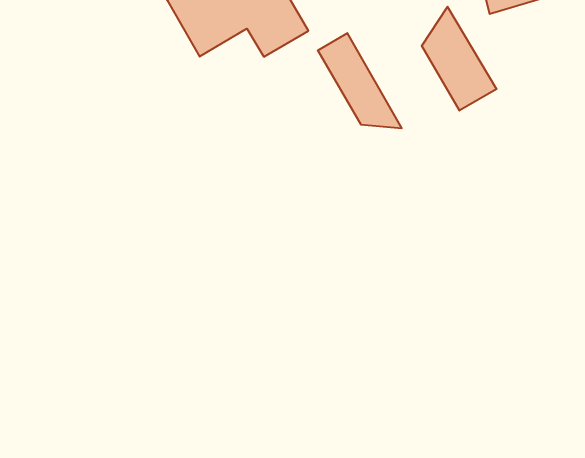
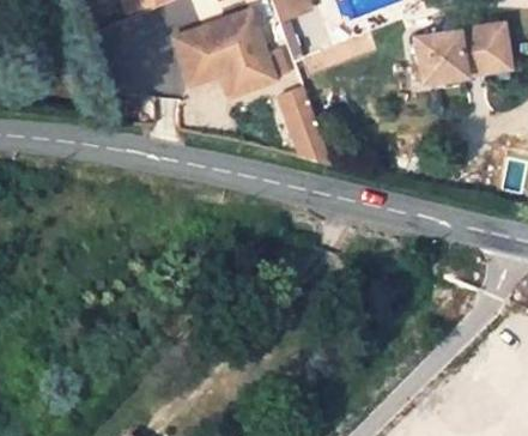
building: [422,7,497,111] -> none

